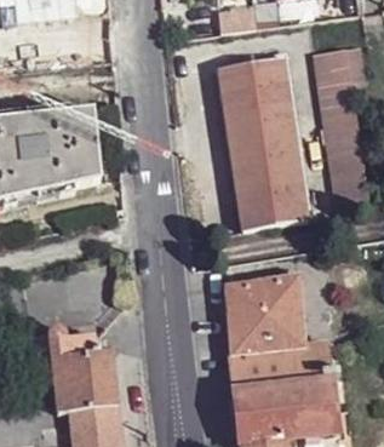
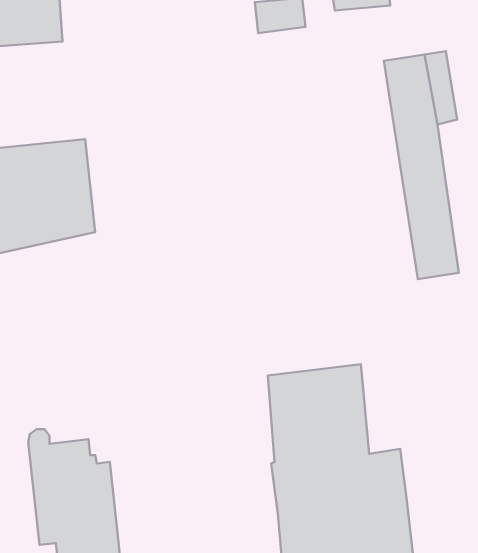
building: [217,57,305,230] -> none

